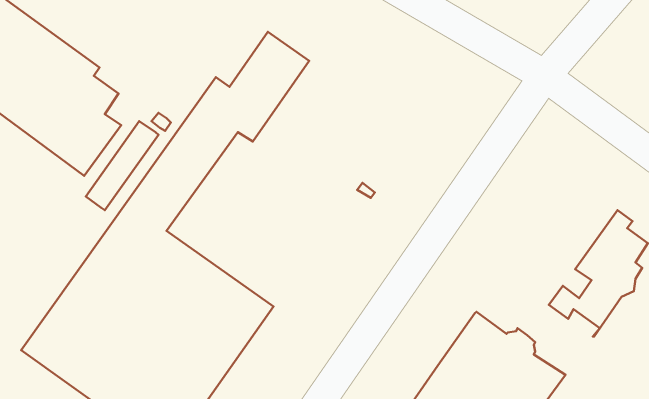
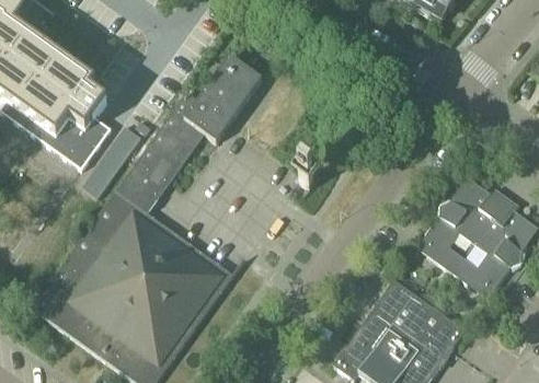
building: none -> [417,182,507,272]

